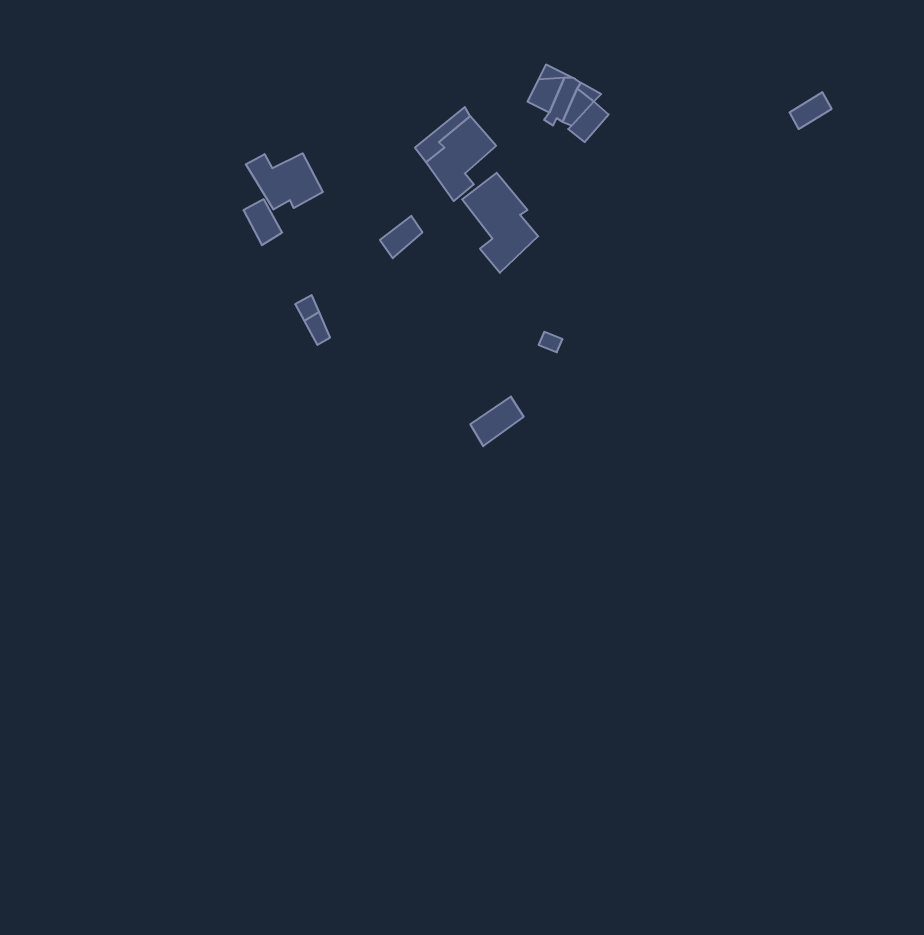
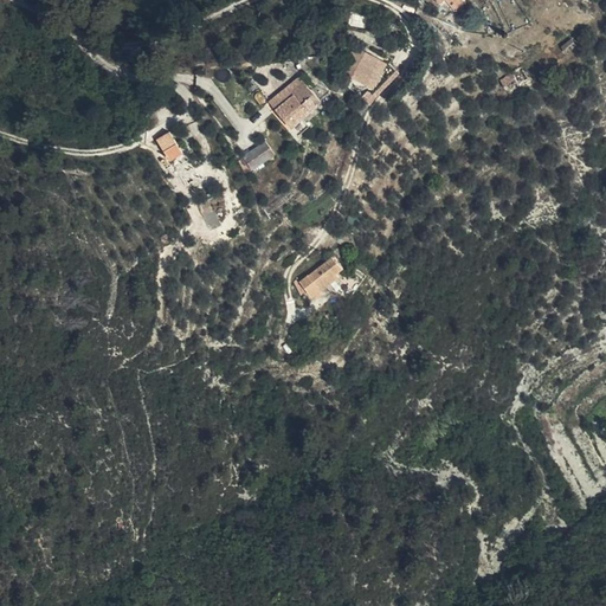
building: [246,153,323,210] -> none
building: [462,173,538,273] -> none

